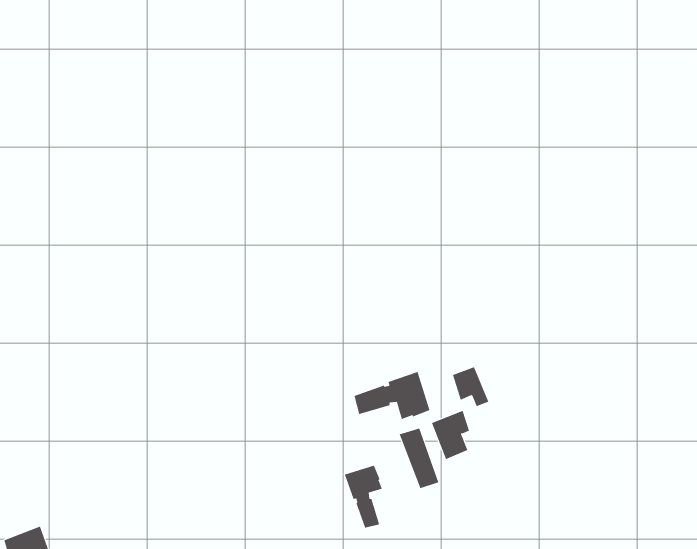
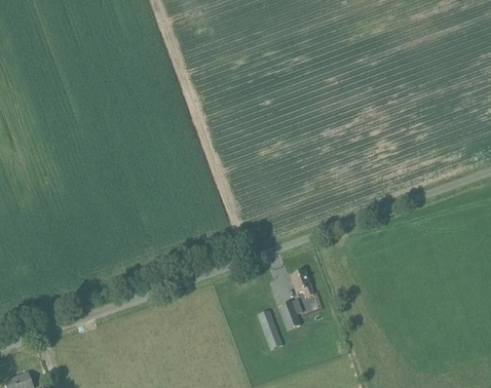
building: [354,371,430,420] -> none
building: [344,465,382,529] -> none

